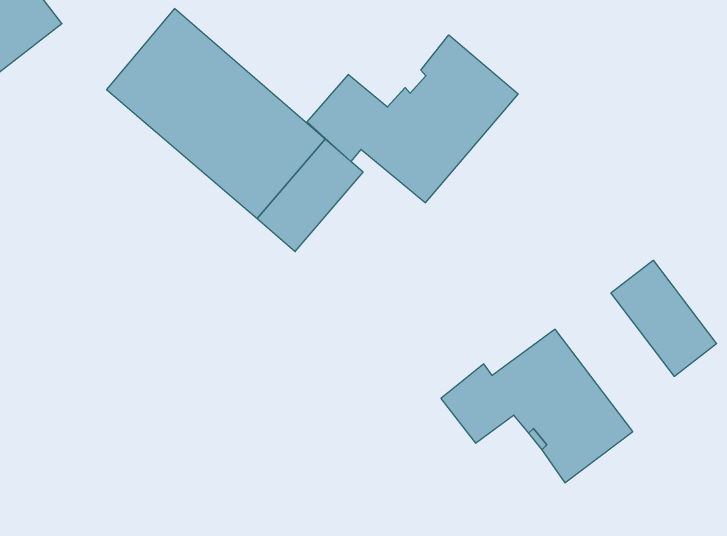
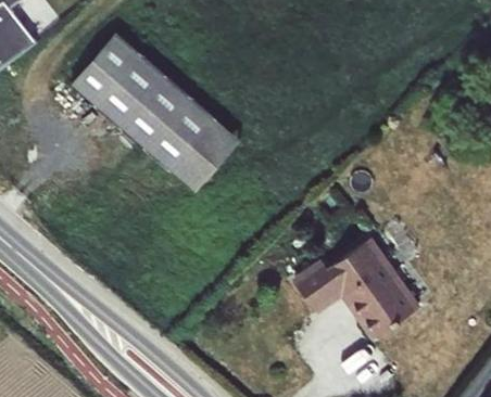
building: [307,35,518,203] -> none
building: [611,260,717,376] -> none

